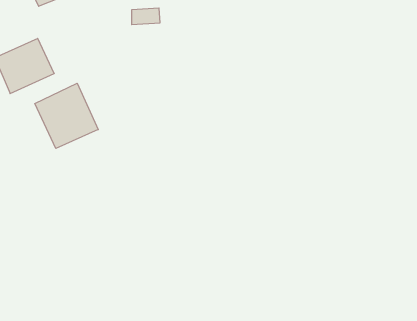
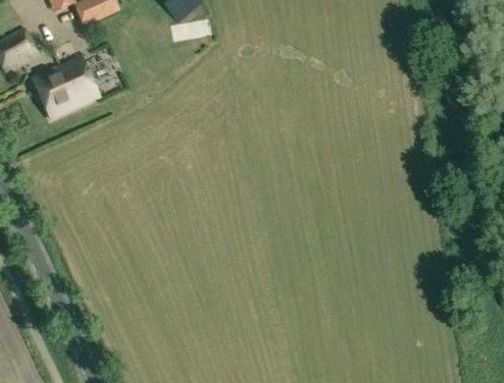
building: [35,83,98,148] -> none

